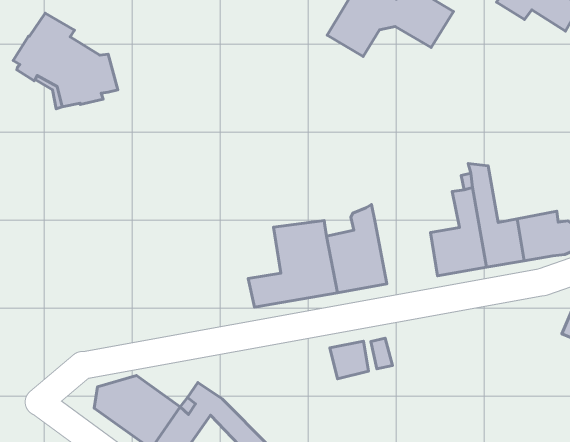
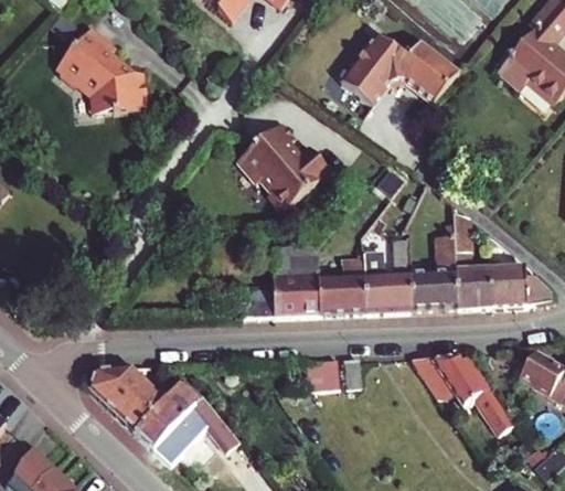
building: none -> [237,122,330,211]
building: none -> [363,238,413,311]
building: none -> [409,356,511,438]

